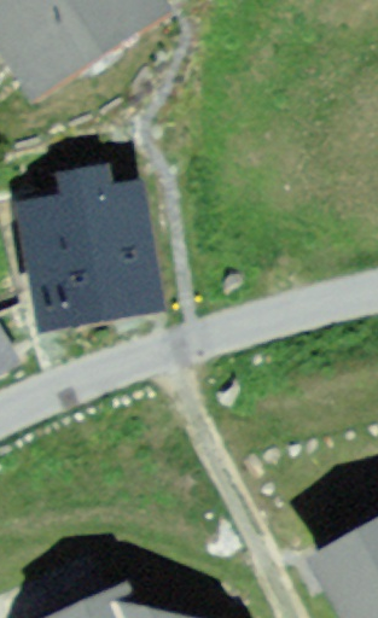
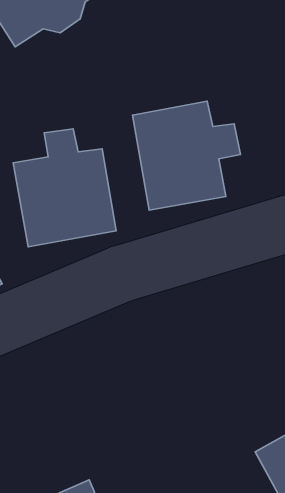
building: none -> [132,101,241,210]

